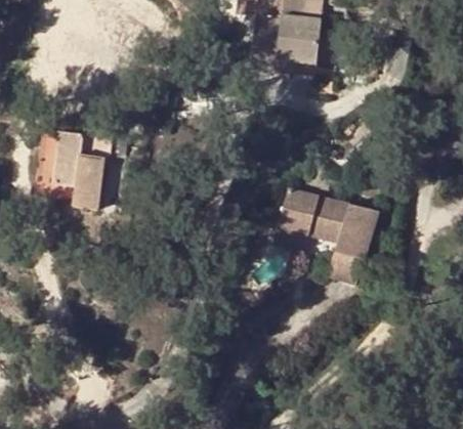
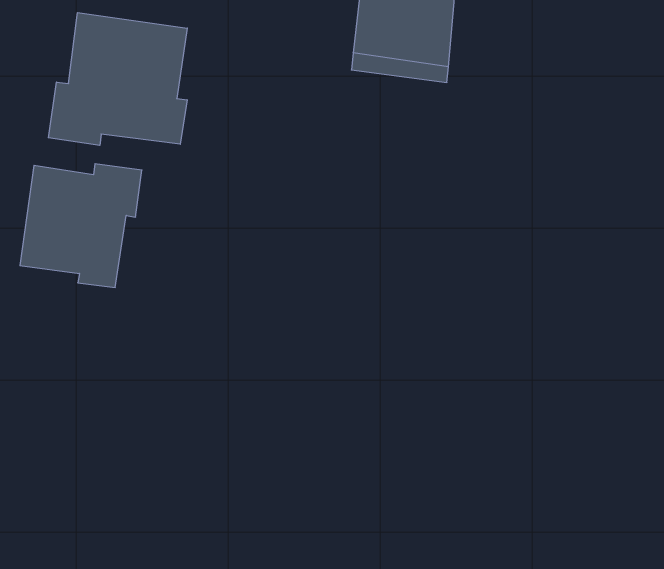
building: none -> [48,13,187,145]
building: [278,187,376,284] -> none

